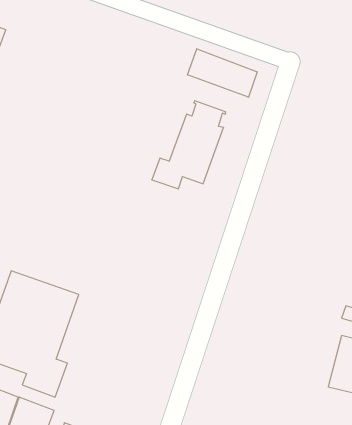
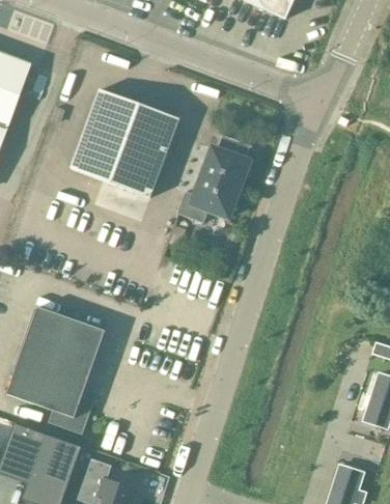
building: [187,49,257,97] -> none
building: none -> [73,89,180,197]

